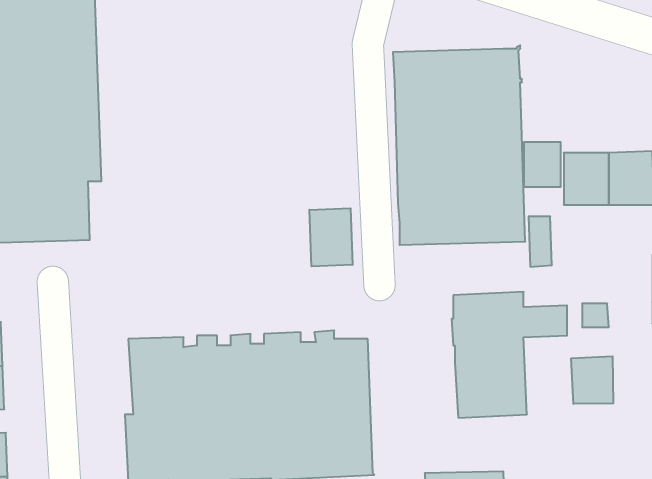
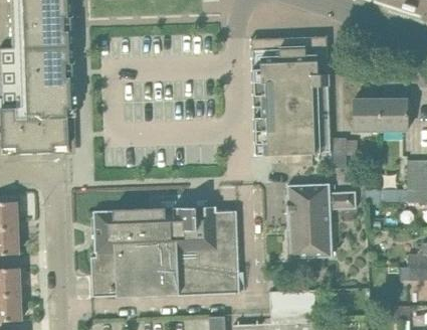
building: [524,142,561,187] -> none
building: [309,208,353,266] -> none
building: [571,356,613,404] -> none

